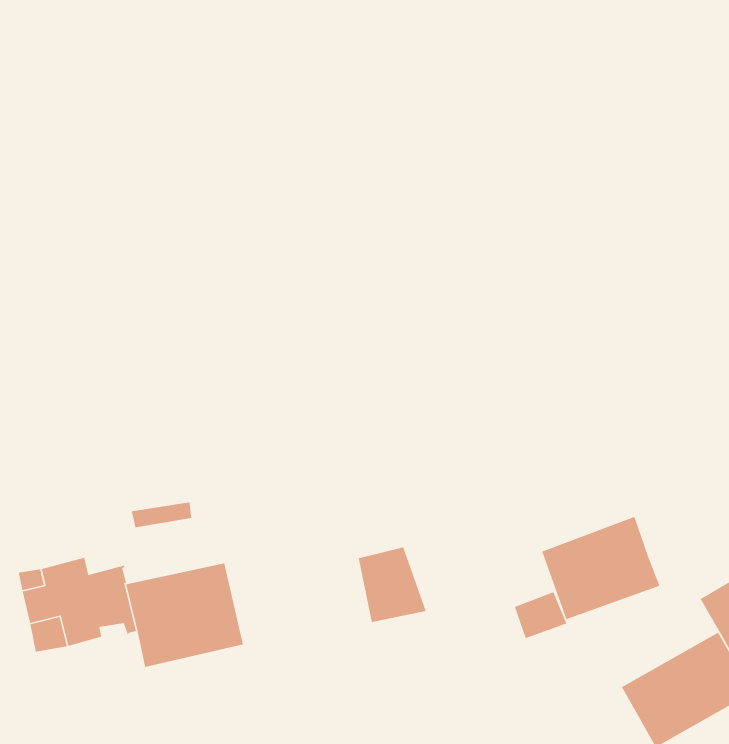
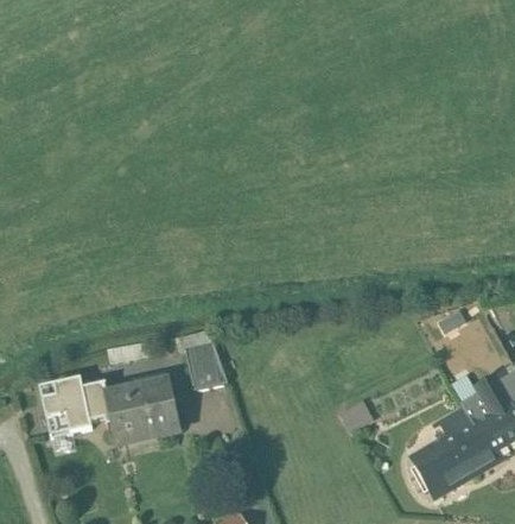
building: [541,516,661,620] -> none
building: [358,546,427,623] -> [184,340,227,387]

